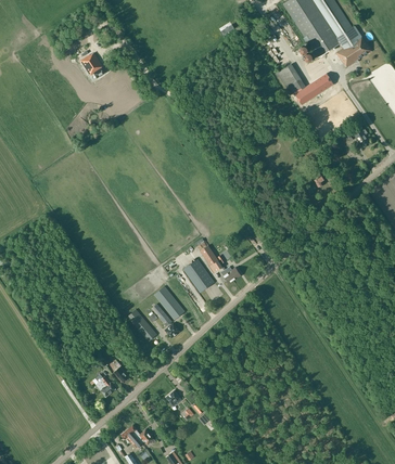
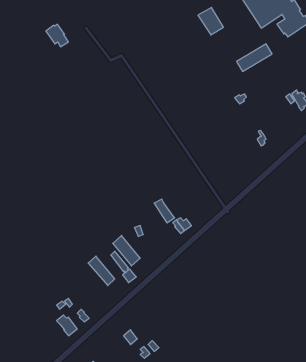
building: [277,64,305,94] -> [198,7,223,35]
building: [183,259,215,293] -> none

